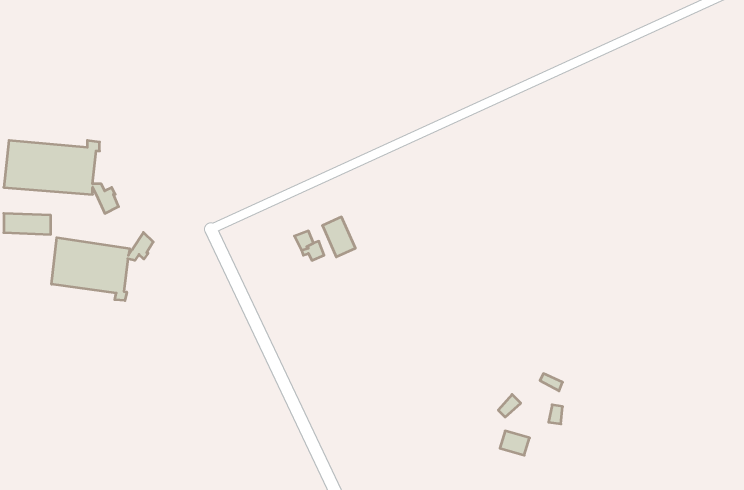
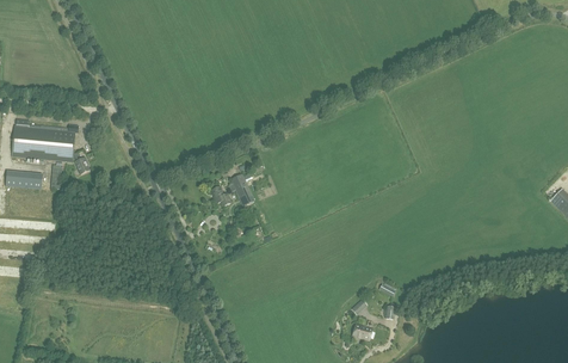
building: [52,232,153,301] -> none

